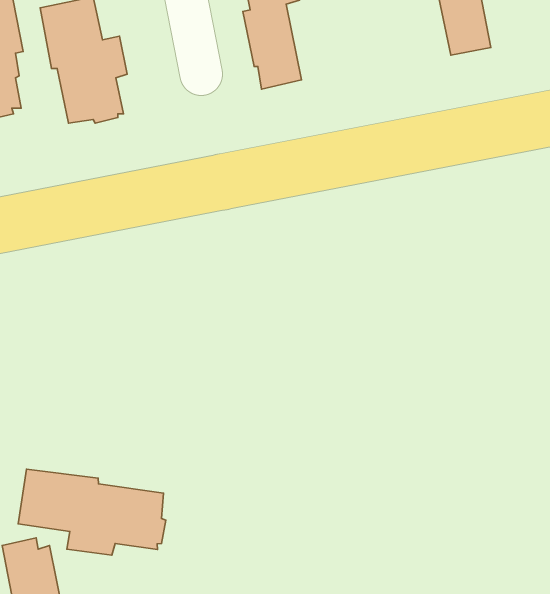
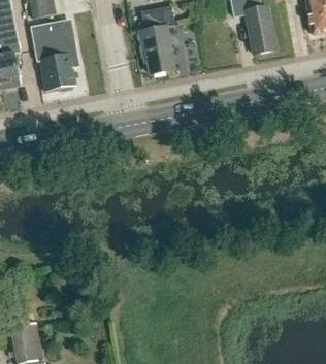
building: [18,469,166,555] -> none

